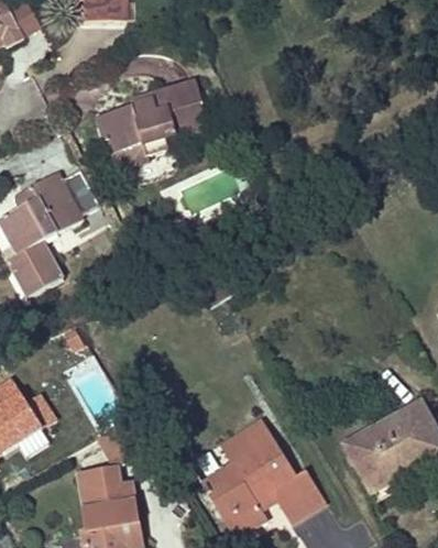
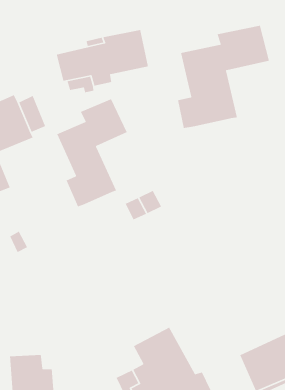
building: none -> [177,25,270,129]
building: none -> [56,98,128,208]

